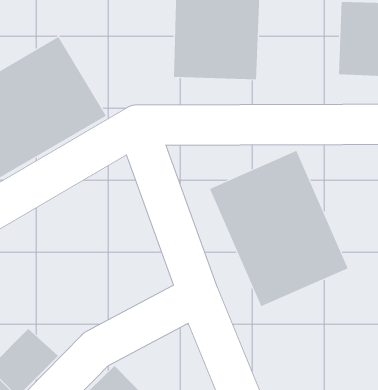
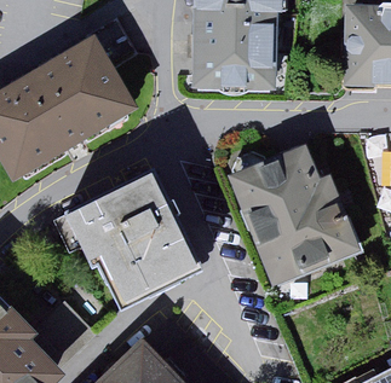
building: none -> [65,175,197,306]

